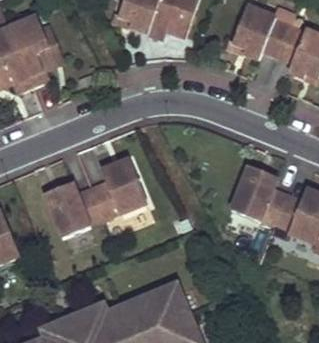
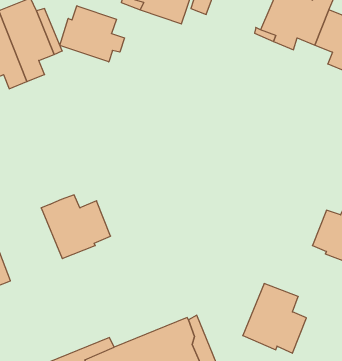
building: none -> [60,6,125,62]
building: [92,159,147,217] -> none
building: [233,166,287,225] -> [243,284,306,353]

